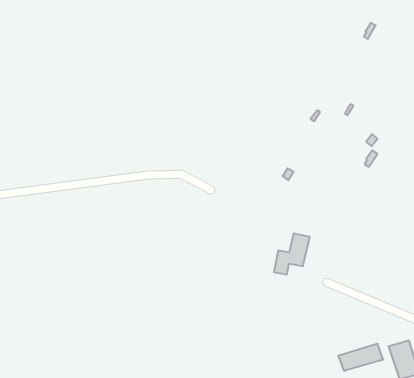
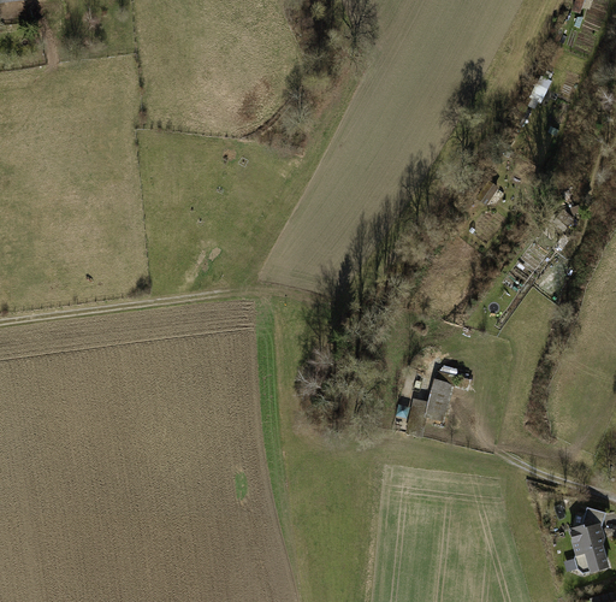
building: [338,344,383,371] -> none

